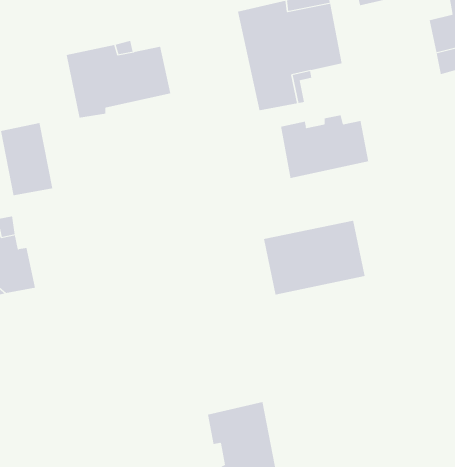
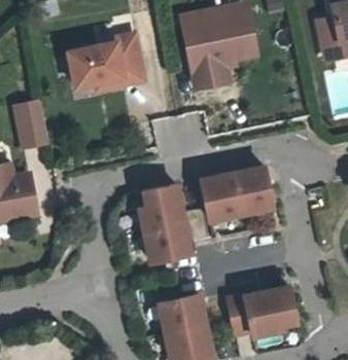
building: [280,115,369,179] -> none
building: none -> [139,185,190,261]
building: none -> [229,287,297,336]

